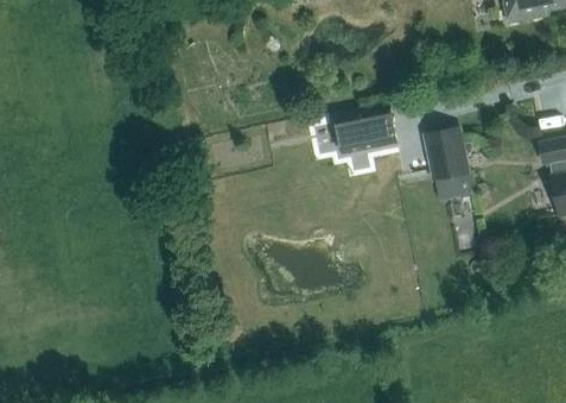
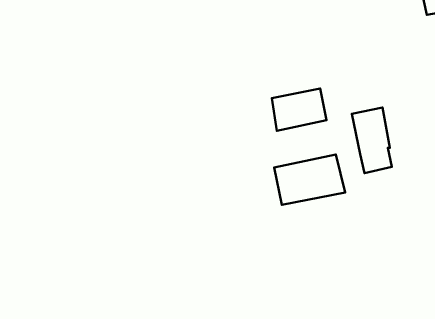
building: none -> [274,155,345,205]

